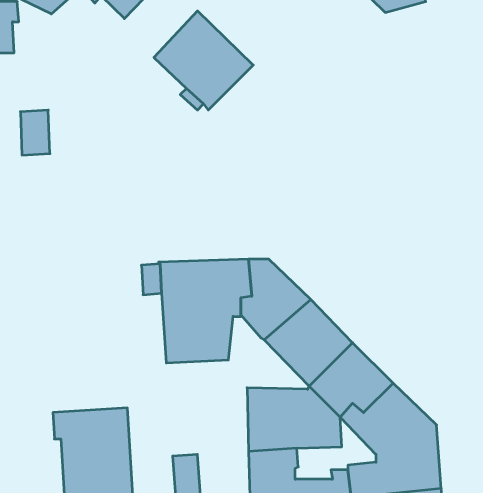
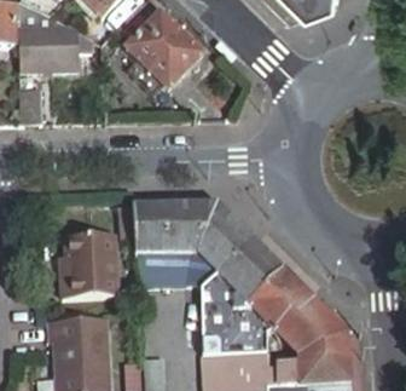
building: none -> [21,21,93,70]
building: none -> [58,236,118,299]
building: none -> [197,268,246,306]

